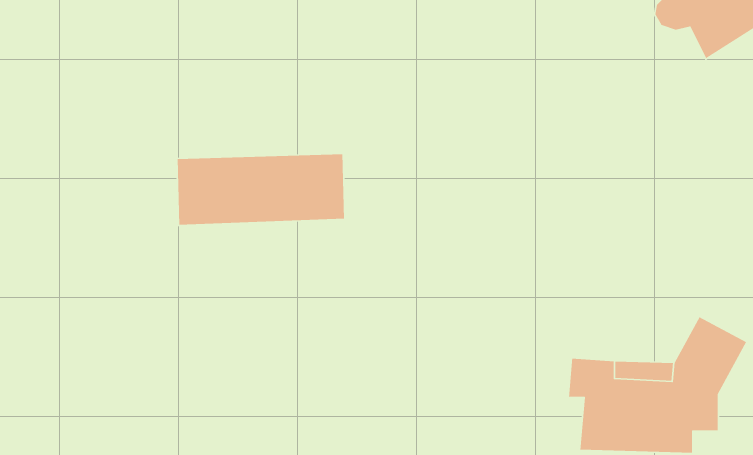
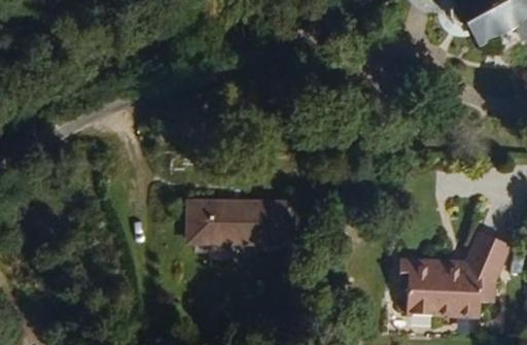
building: [177,154,345,226] -> [182,198,290,244]

